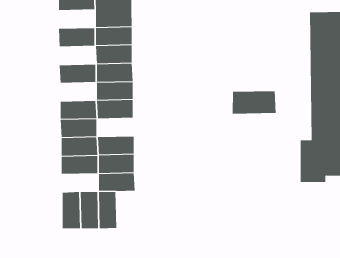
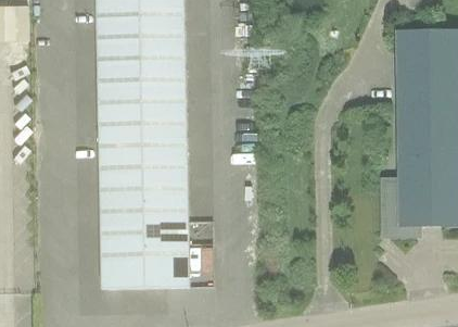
building: none -> [97,27,141,50]
building: none -> [98,71,142,93]
building: none -> [99,114,142,137]
building: [232,90,276,114] -> none
building: none -> [143,156,188,179]
building: none -> [100,223,144,246]
building: none -> [166,243,190,288]

